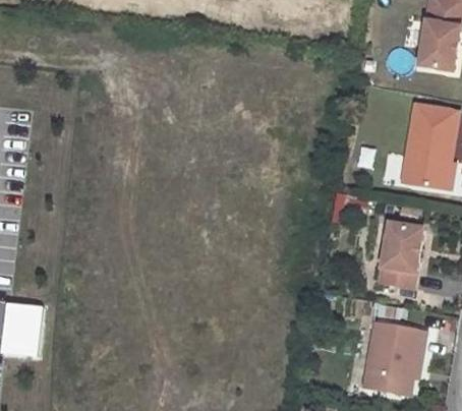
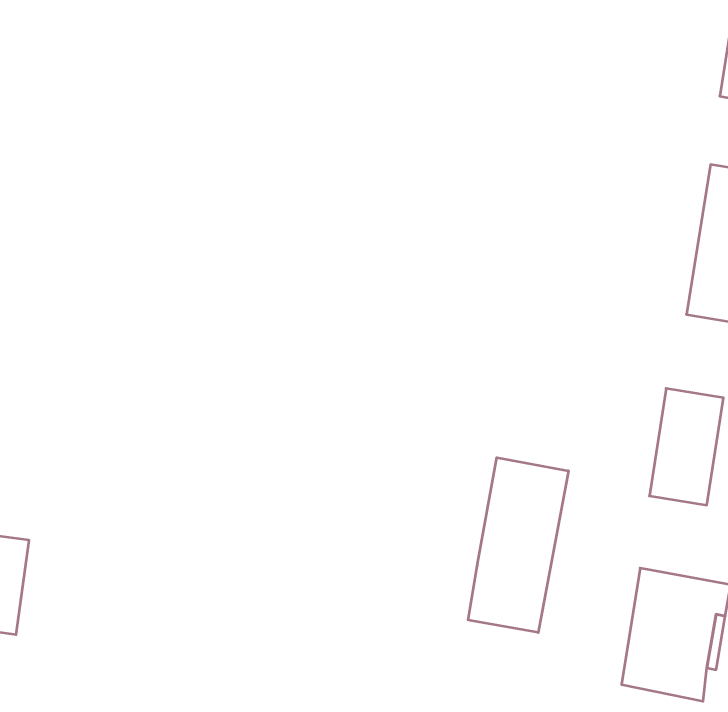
building: none -> [468,458,568,633]

